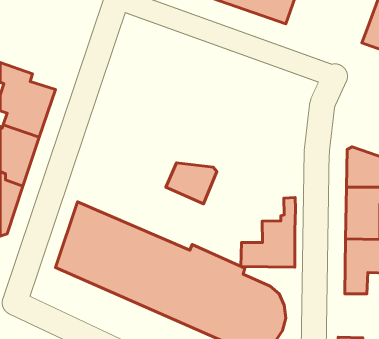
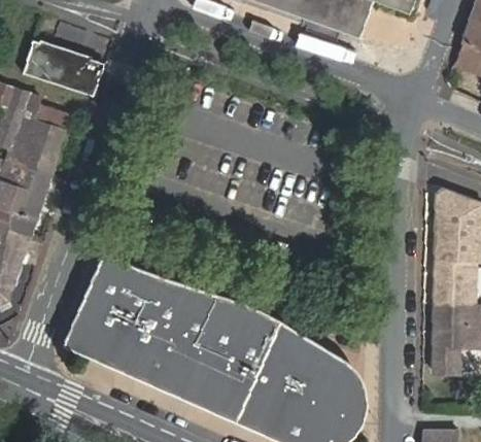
building: none -> [22,40,104,99]
building: [166,163,217,204] -> none
building: [241,198,296,267] -> none

